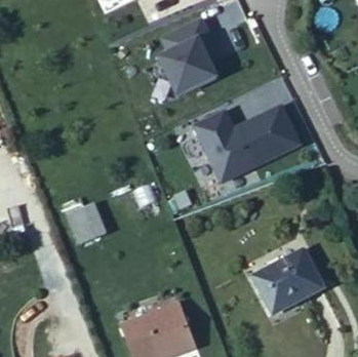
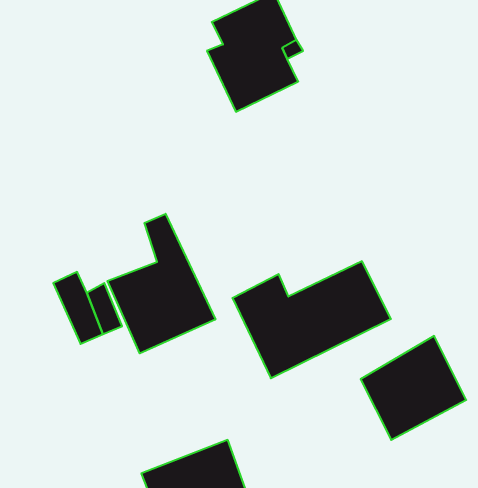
building: [198,106,300,181] -> [232,261,391,378]
building: none -> [107,214,215,353]

